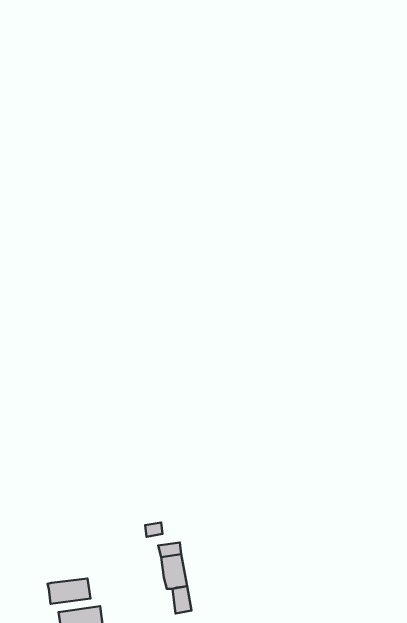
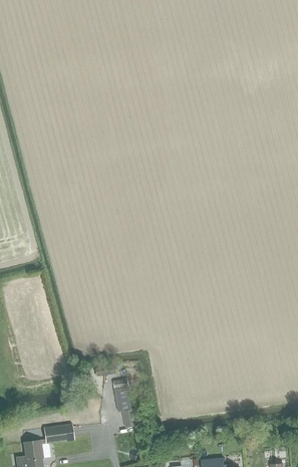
building: [47,578,91,604] -> none

